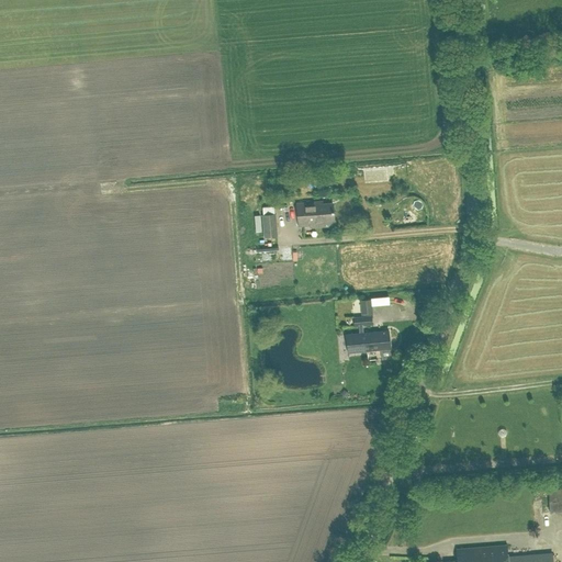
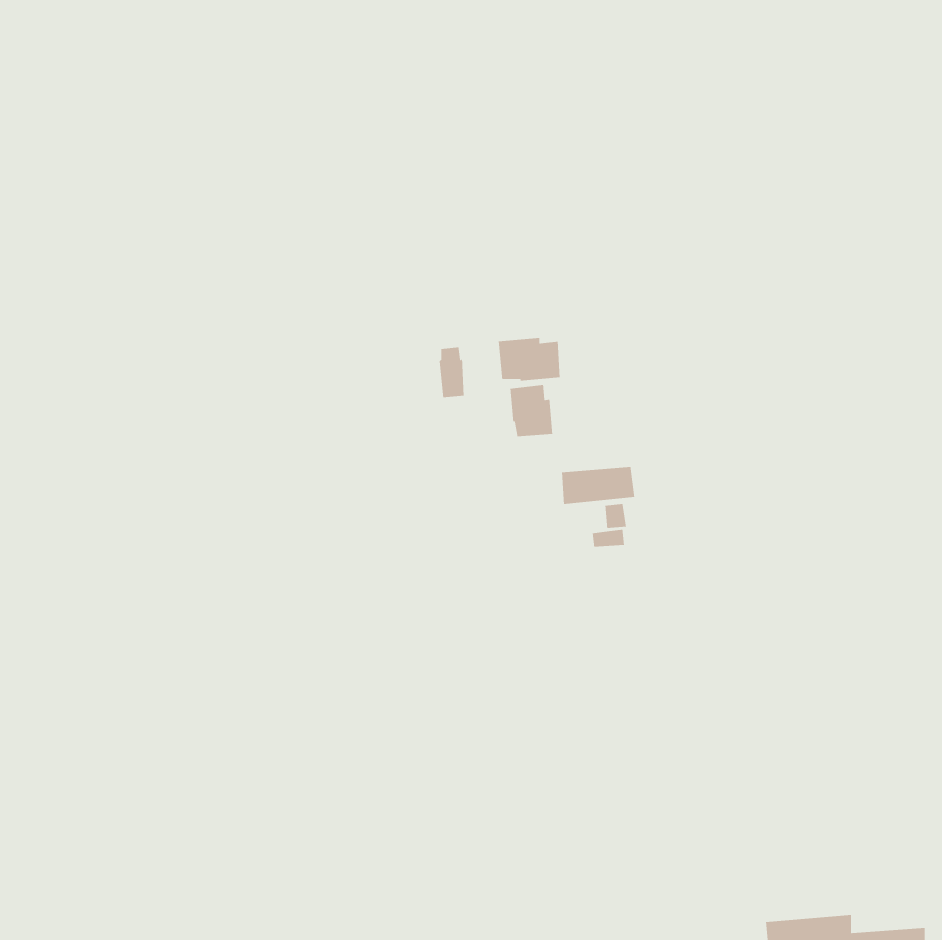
building: none -> [510,384,553,437]
building: [346,331,390,355] -> [561,466,635,505]

